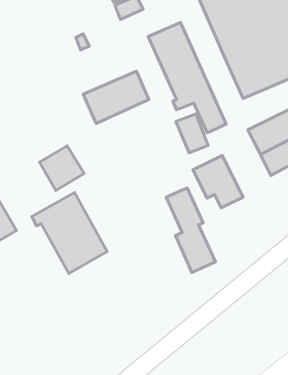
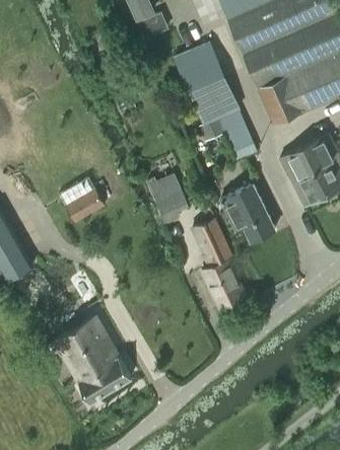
building: [83,71,149,123] -> none
building: [176,114,208,153] -> [151,176,186,218]
building: [32,193,107,273] -> [50,316,130,402]

